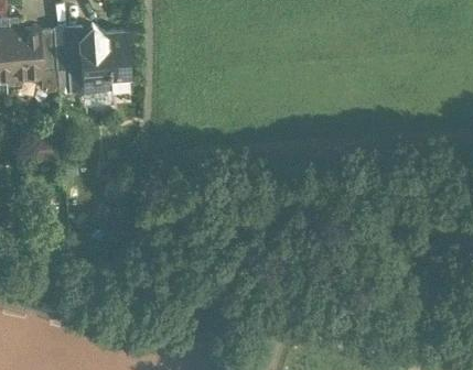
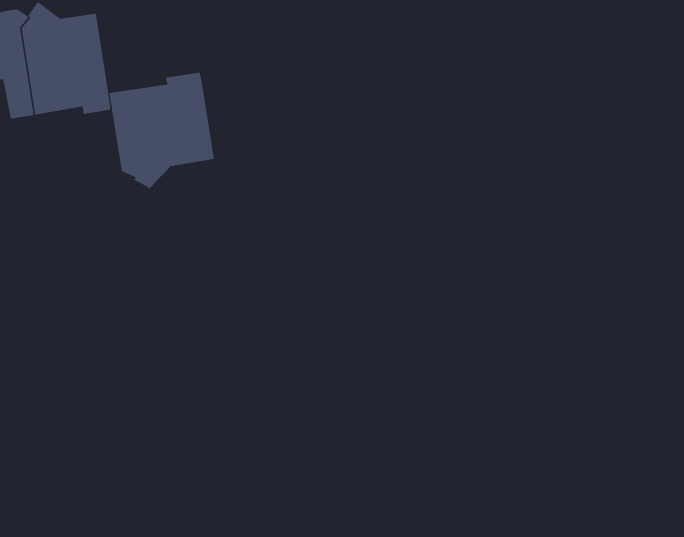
building: none -> [109,72,214,189]

